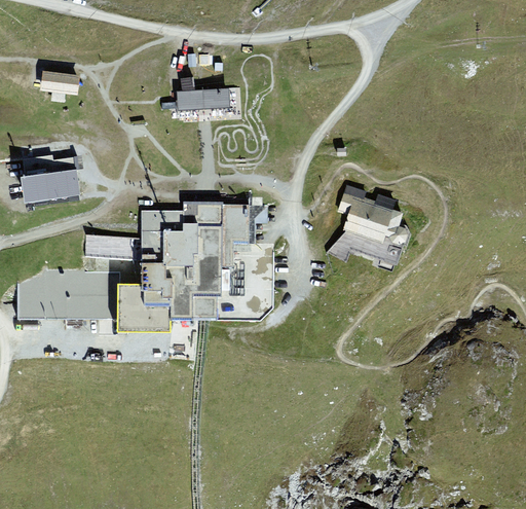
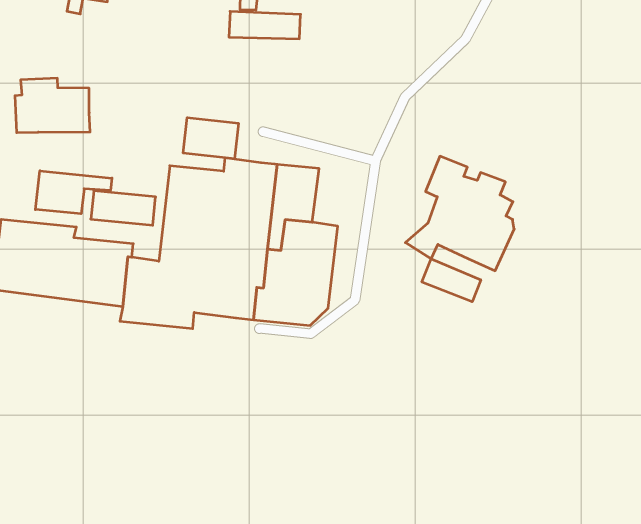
building: none -> [183,118,238,159]
building: none -> [35,171,112,214]
building: none -> [422,259,481,302]

